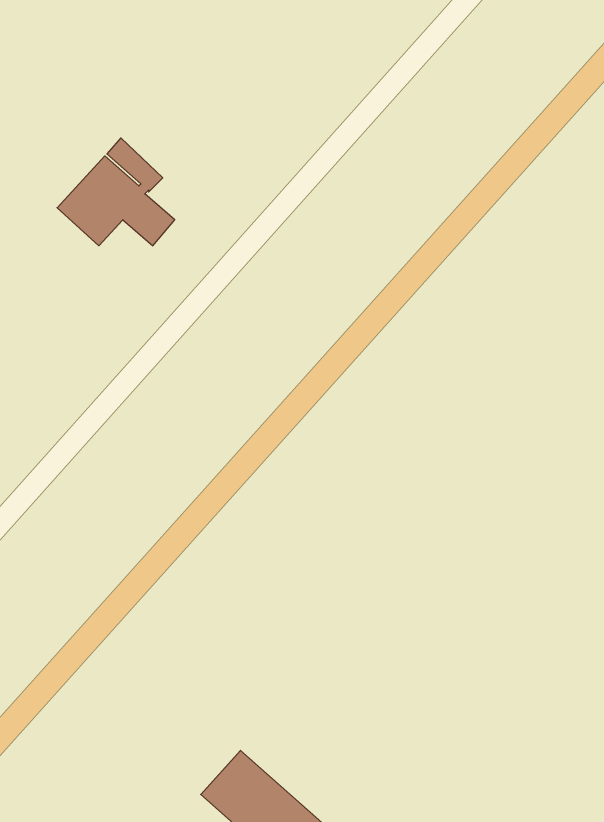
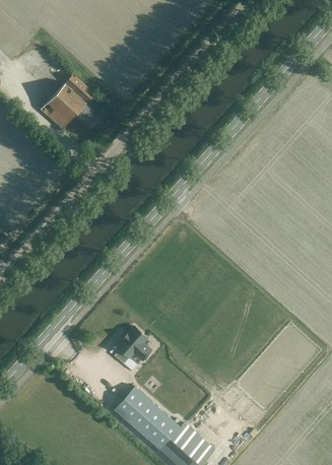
building: none -> [114,327,151,364]

